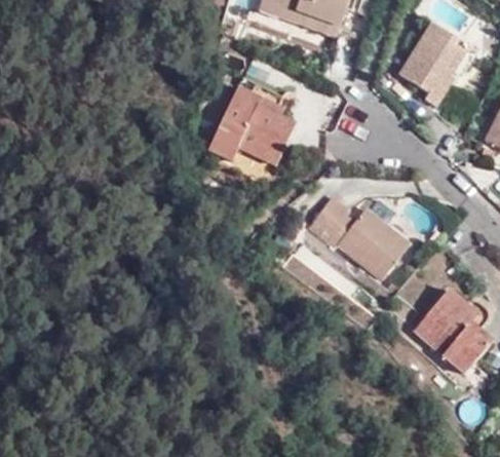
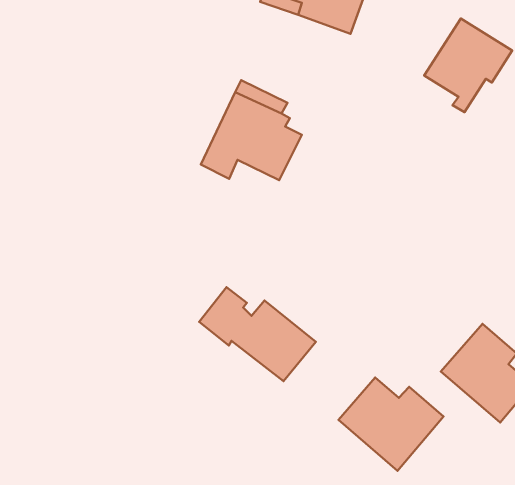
building: [309,197,410,278] -> [199,287,316,381]
building: none -> [338,378,444,471]

